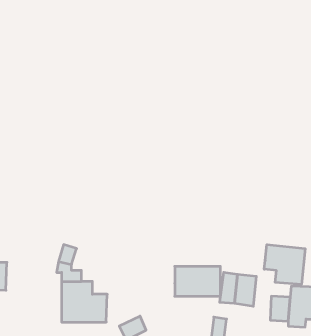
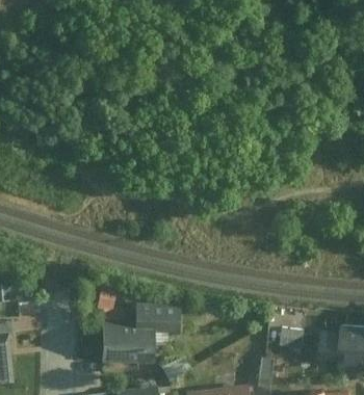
building: [264,245,305,284] -> none
building: [175,266,220,296] -> [134,302,182,334]

